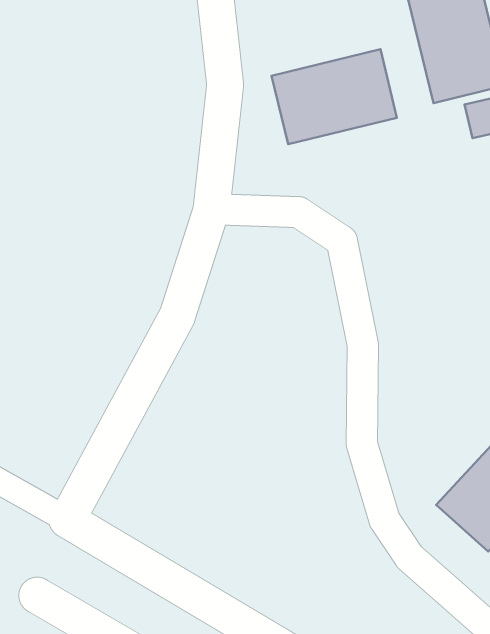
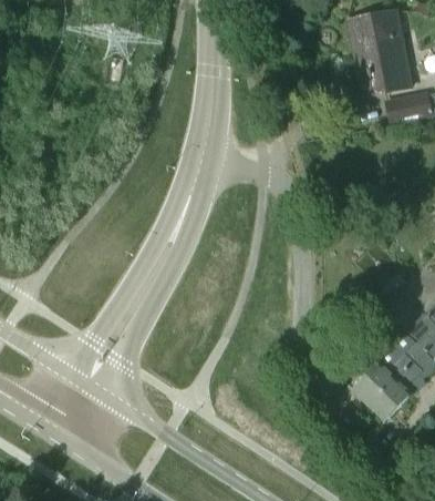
building: [272,49,397,144] -> none

